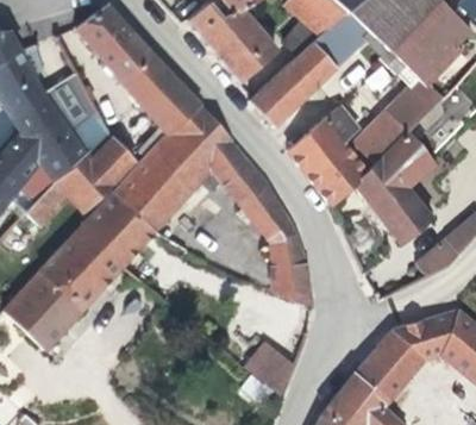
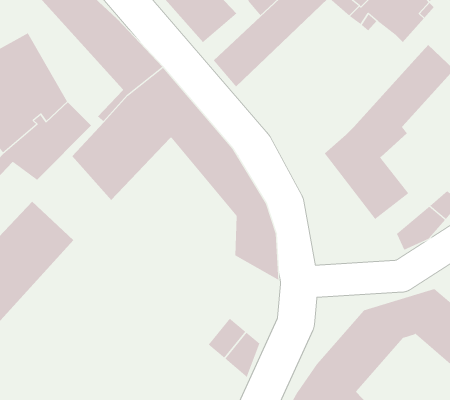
building: [362,75,438,161] -> none
building: [286,99,374,205] -> none
building: [81,188,155,267] -> none

